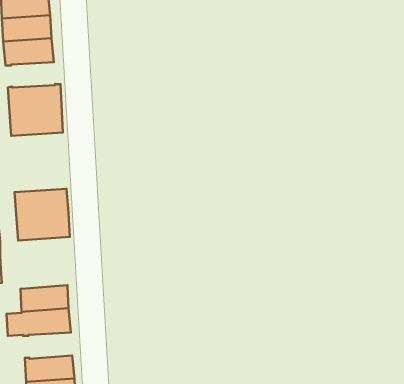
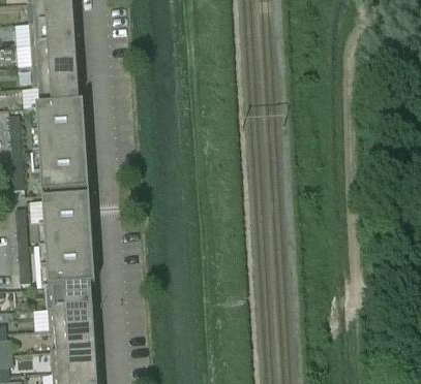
building: none -> [38,83,78,105]
building: none -> [38,146,88,193]
building: none -> [44,239,94,286]
building: none -> [54,325,93,349]

